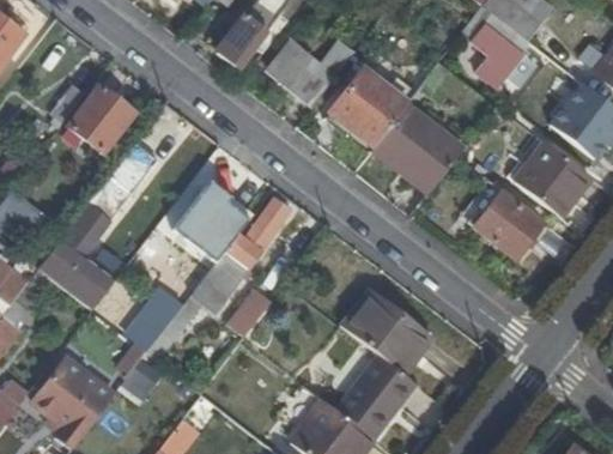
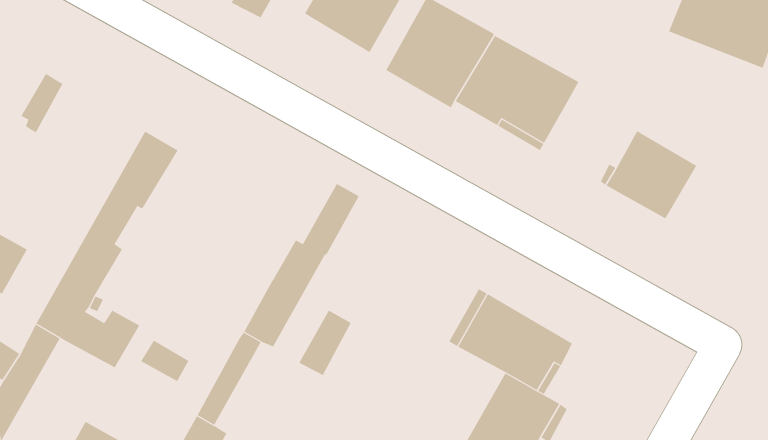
building: [67,83,136,152] -> none
building: [517,140,591,211] -> none
building: [175,187,250,261] -> none

